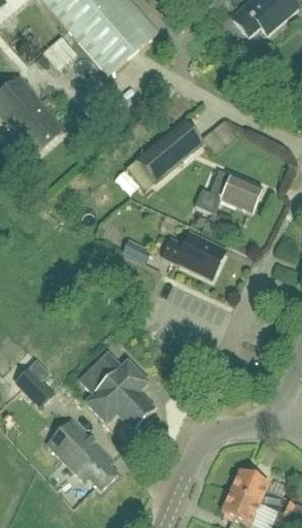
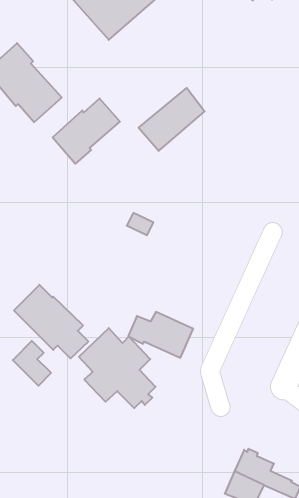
building: none -> [53,98,120,164]
building: [195,170,263,213] -> none
building: [162,232,225,276] -> [128,312,193,358]
building: [45,418,118,489] -> [14,285,88,358]

